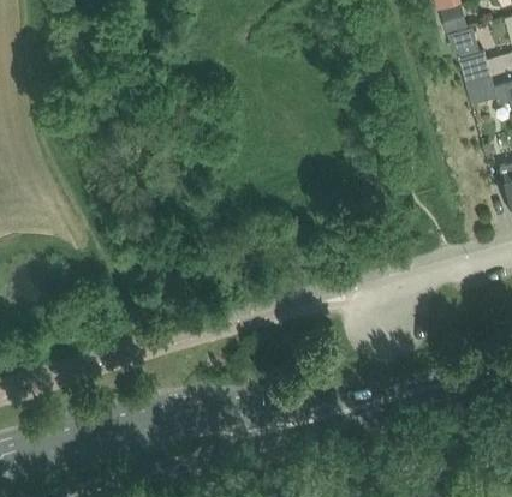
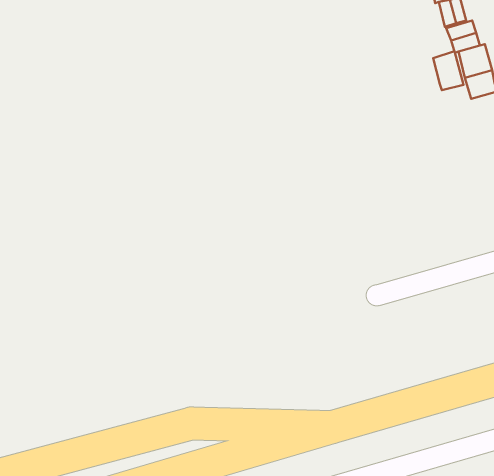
building: none -> [433,51,464,90]

